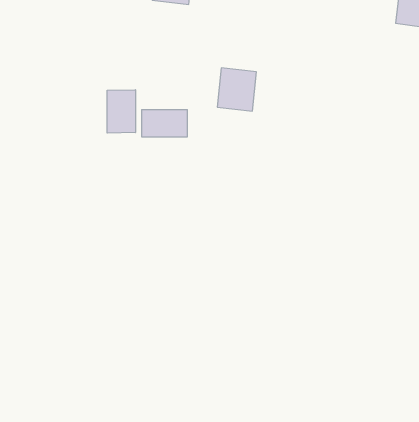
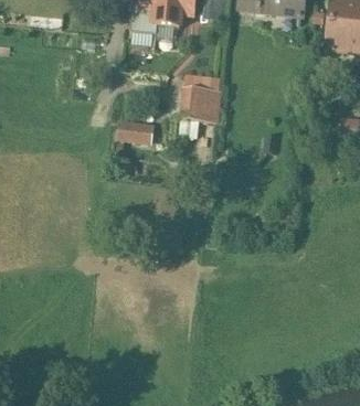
building: [107,90,135,133] -> none

